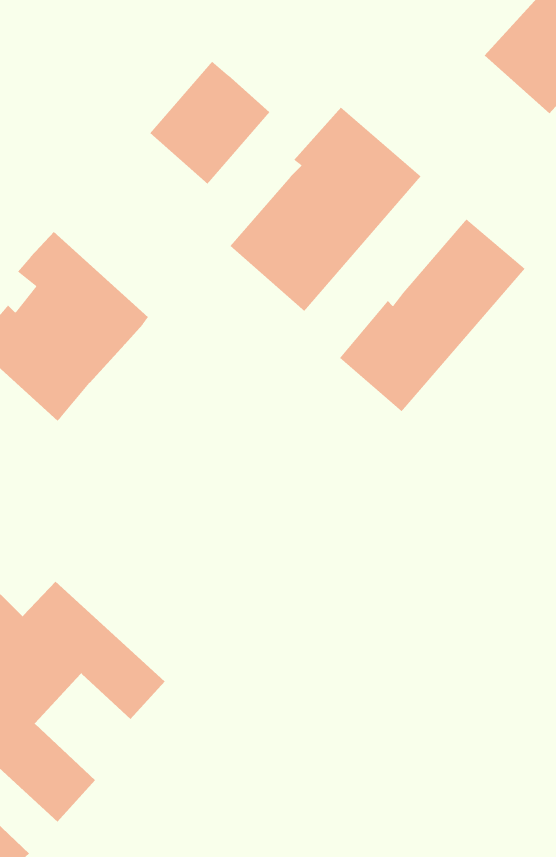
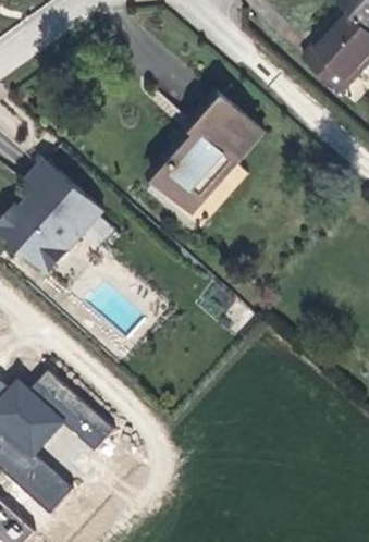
building: [149,61,270,185] -> none
building: [339,219,526,412] -> none

